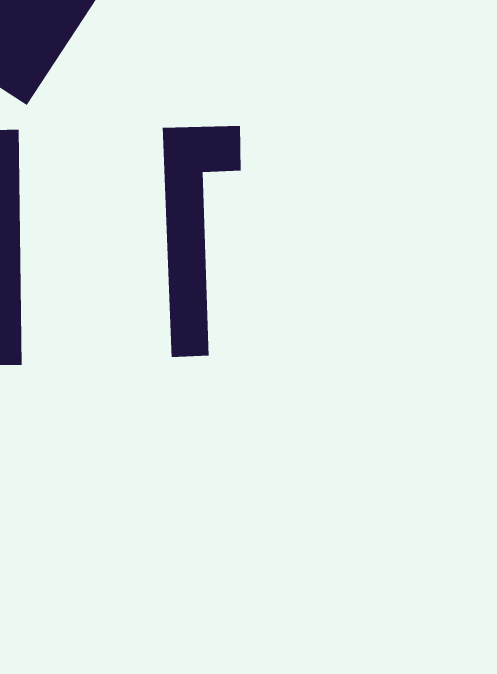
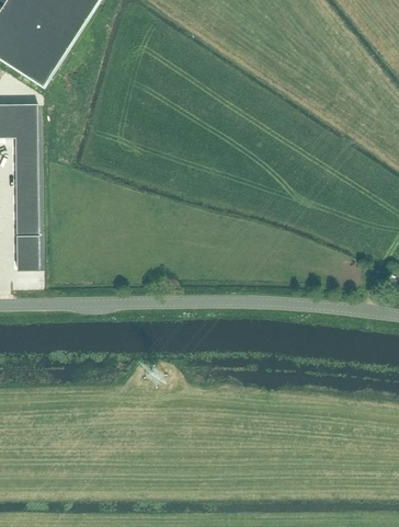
building: [162,125,241,358] -> none

